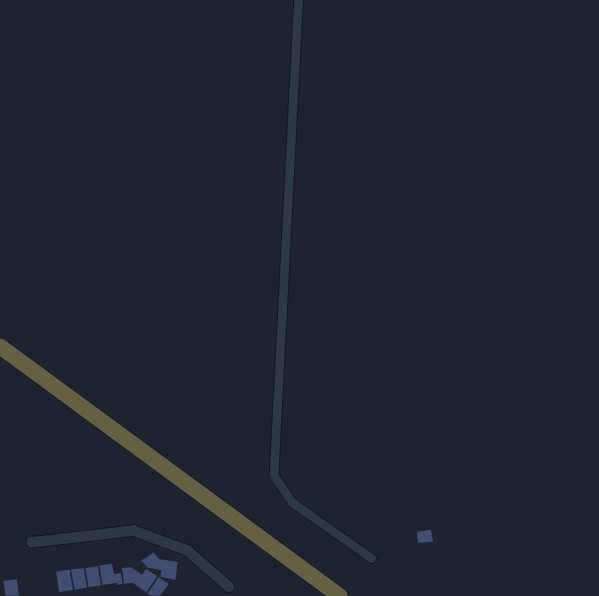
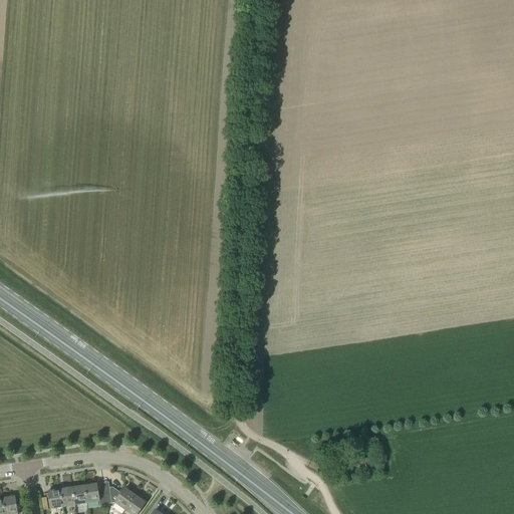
building: [140,551,178,581] -> none

